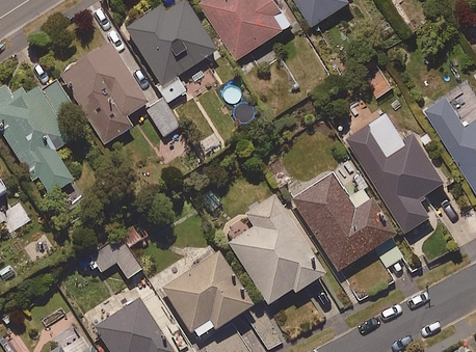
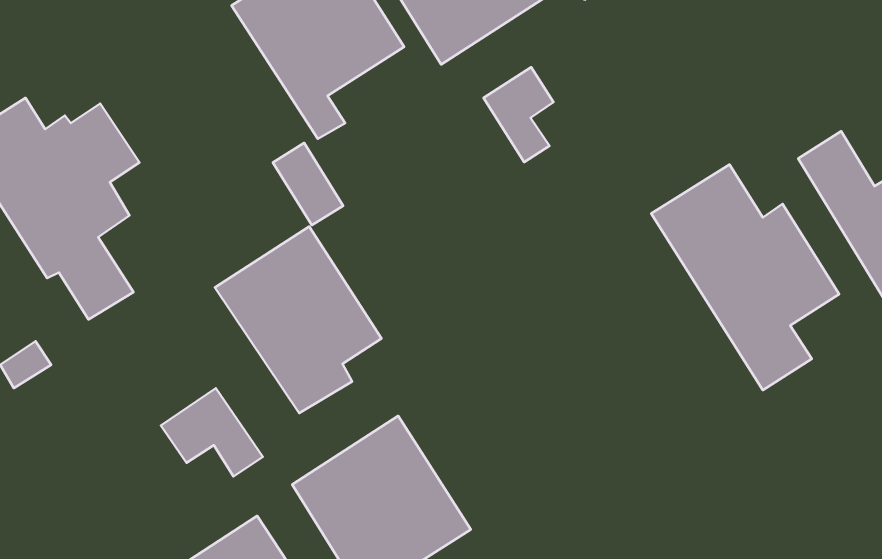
building: [59,44,148,142] -> [215,227,382,413]
building: none -> [484,67,553,162]
building: [290,171,394,272] -> none
building: [228,196,324,305] -> none

